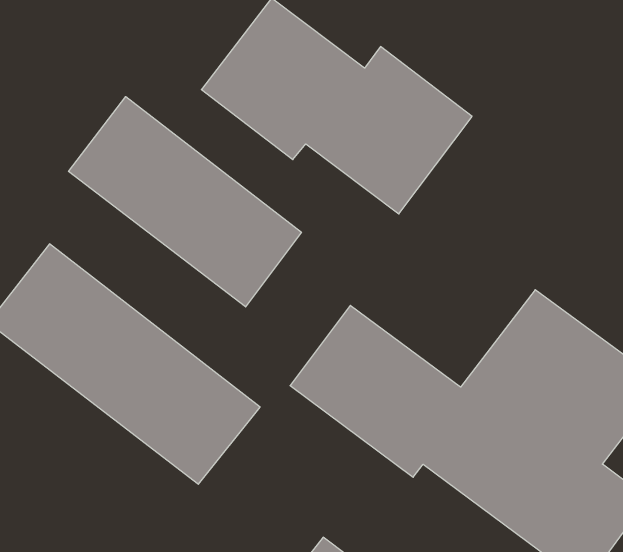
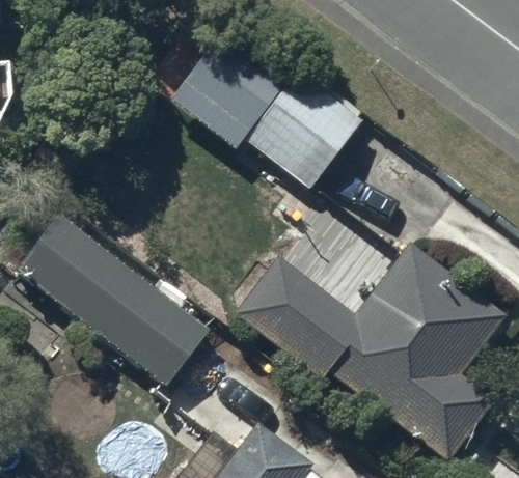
building: [69,97,301,307] -> none

